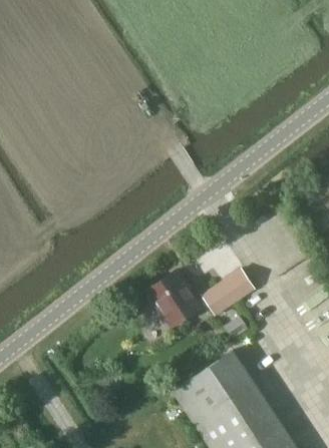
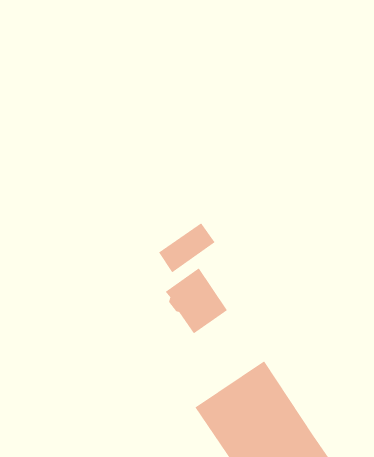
building: [204,272,254,316] -> [158,223,215,273]

